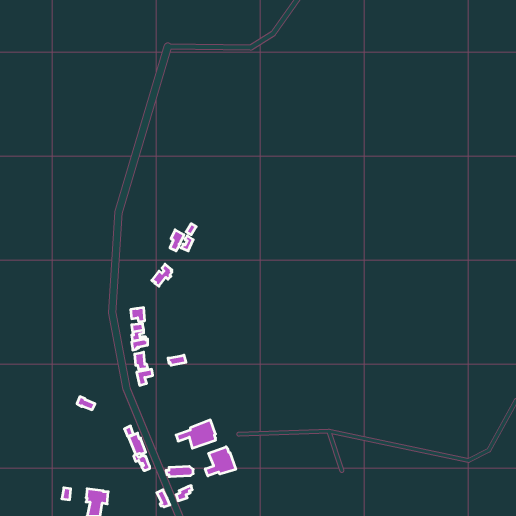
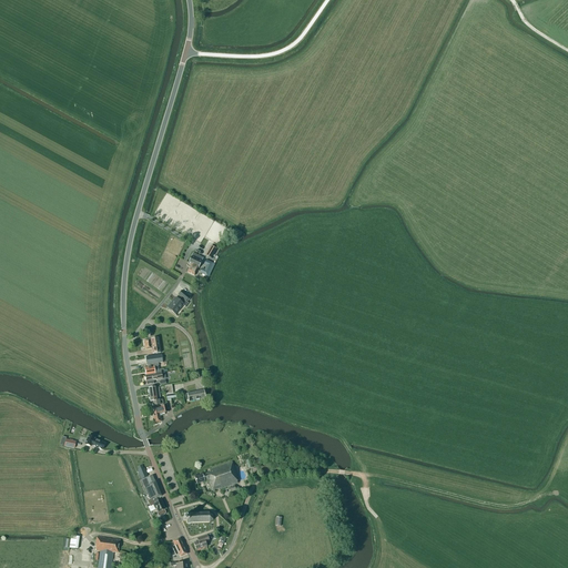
building: [205,447,236,476] -> none

